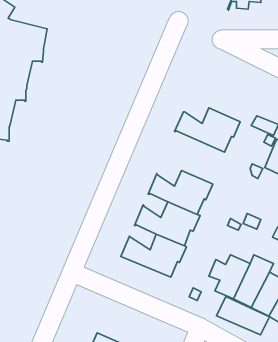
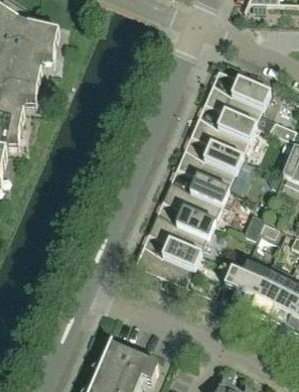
building: none -> [203,78,271,125]
building: none -> [176,144,243,189]
building: [217,296,270,335] -> none

